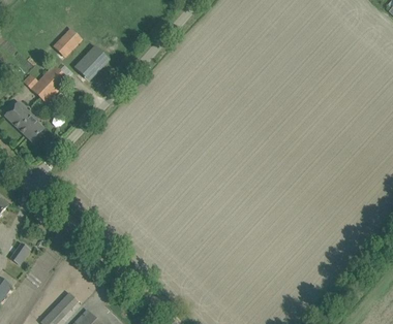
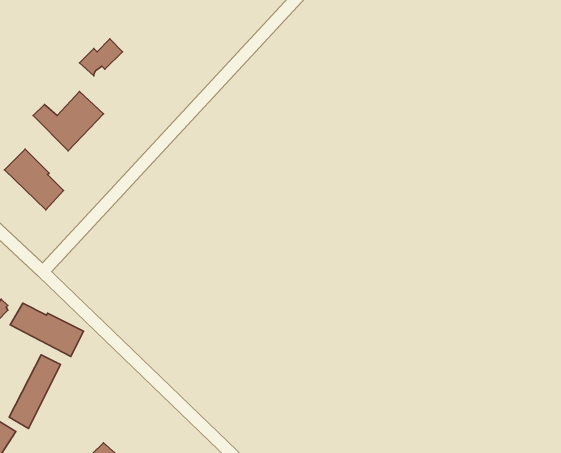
building: [73,45,108,79] -> none
building: none -> [10,303,84,356]

